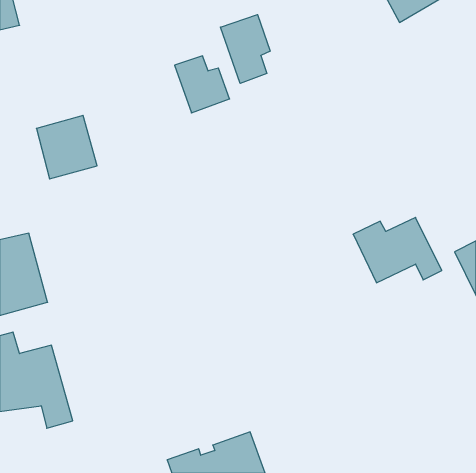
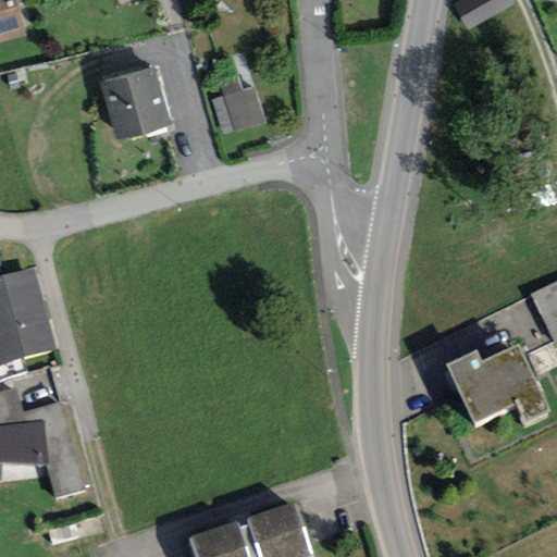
building: [220,15,270,83] -> none
building: [36,115,97,179] -> [99,60,170,134]
building: [353,217,442,283] -> [444,352,547,429]

